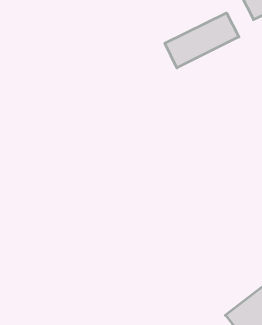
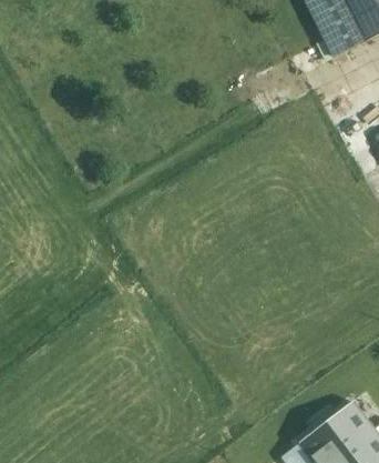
building: [165,13,239,68] -> none

